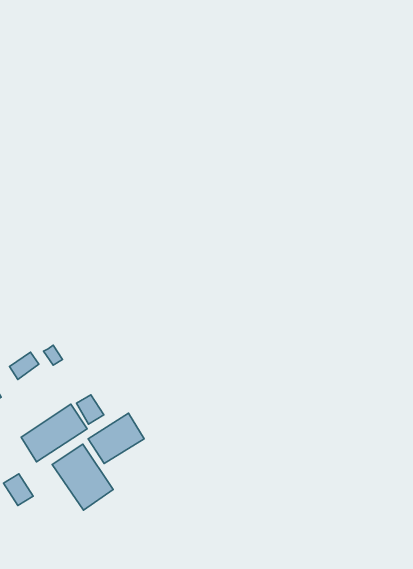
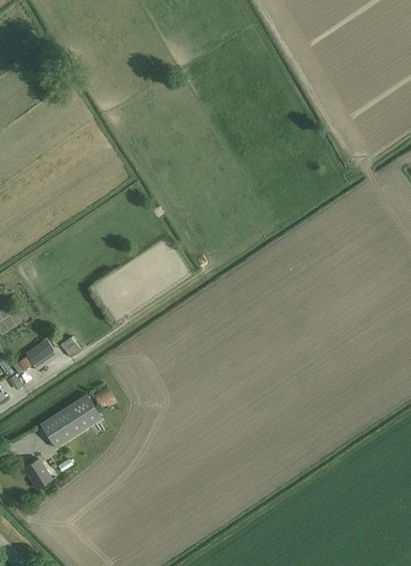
building: [88,413,144,463] -> none
building: [52,444,113,510] -> none

